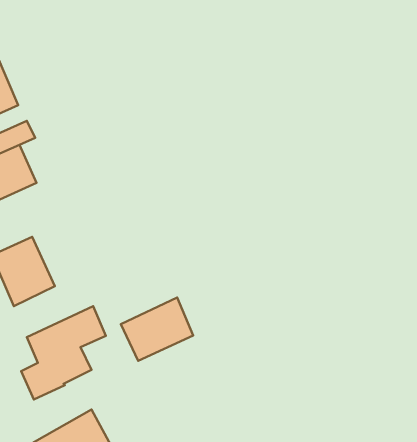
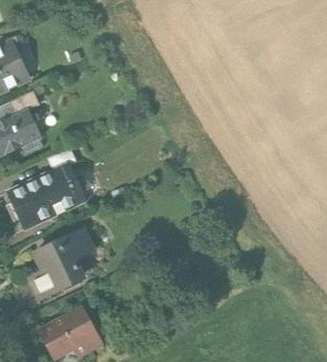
building: none -> [37,163,84,214]
building: [121,298,193,361] -> none

